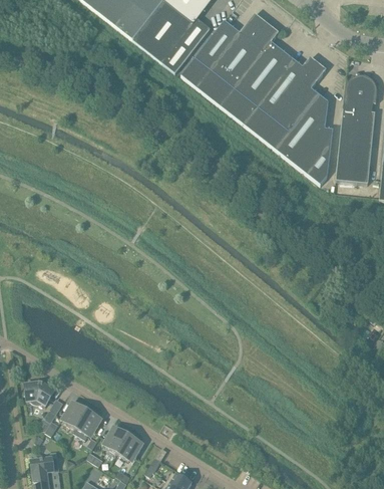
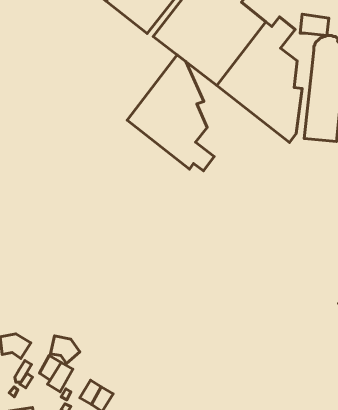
building: none -> [300,14,329,35]
building: none -> [127,55,214,171]
building: none -> [51,336,80,364]

